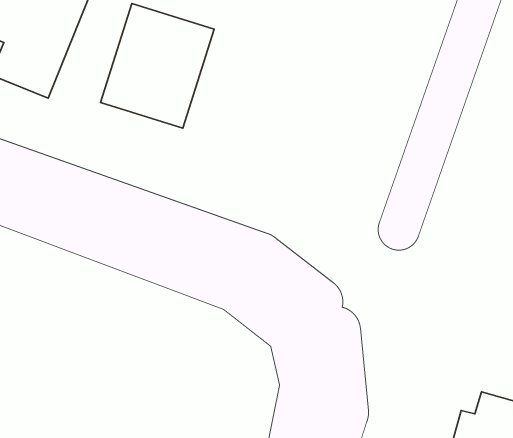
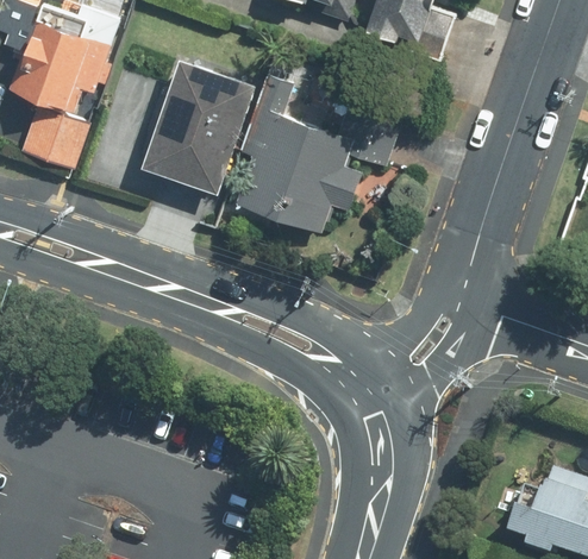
building: none -> [240,102,404,232]

